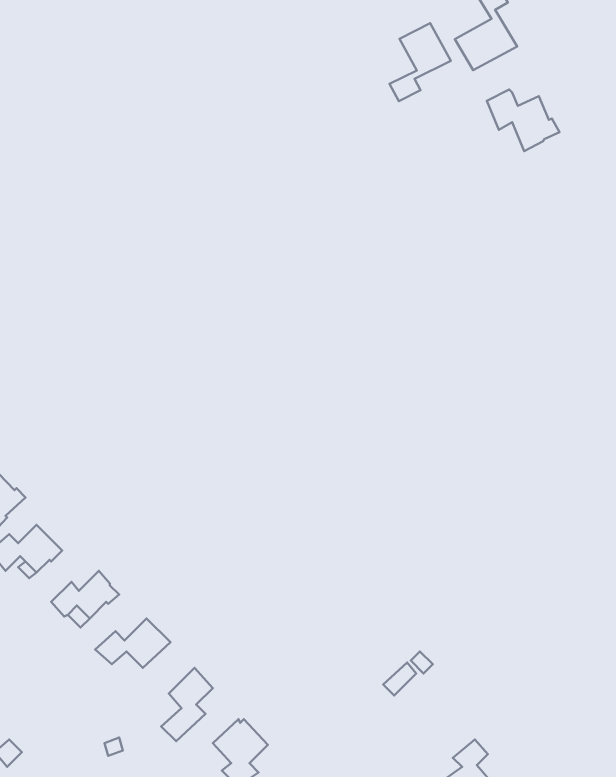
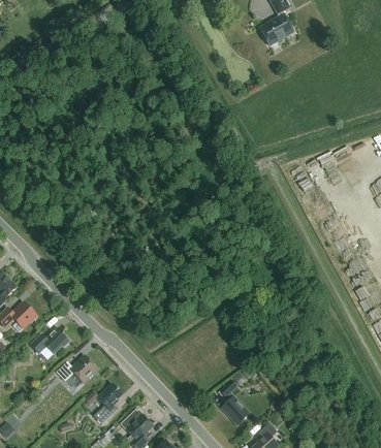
building: [390,23,451,101] -> none
building: [487,89,559,151] -> none
building: none -> [220,395,250,425]

